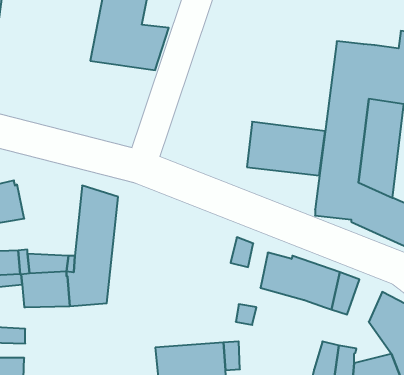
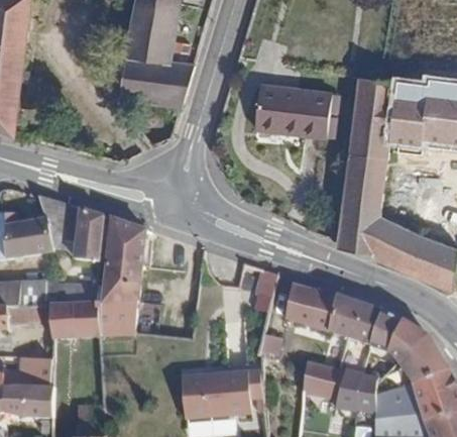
building: [247,122,325,175] -> [254,84,331,136]
building: none -> [37,196,103,261]
building: none -> [368,310,403,351]
building: none -> [301,361,344,398]

